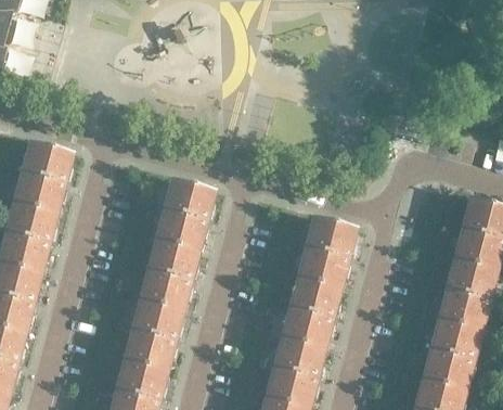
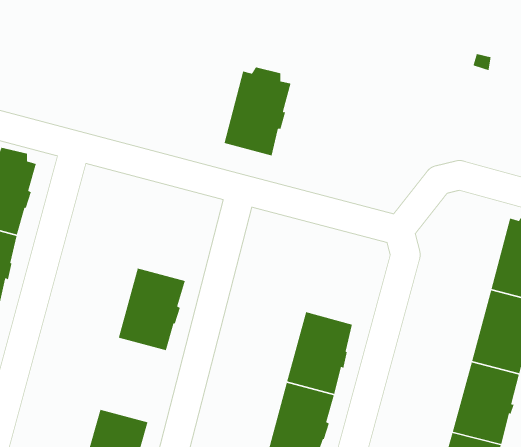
building: [155,180,212,256] -> [223,67,291,157]
building: [297,218,353,293] -> none
building: [124,305,180,375] -> none

